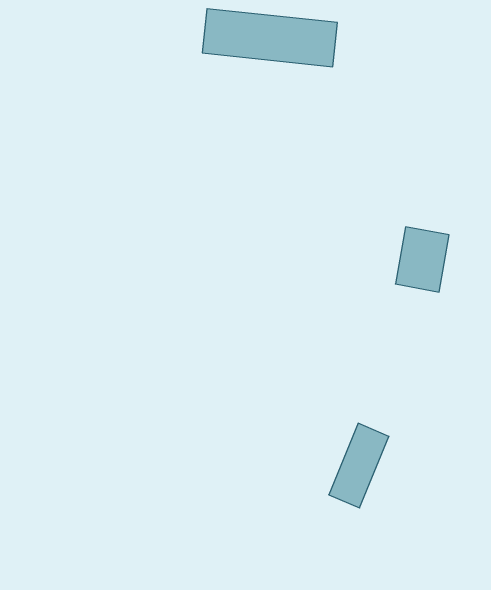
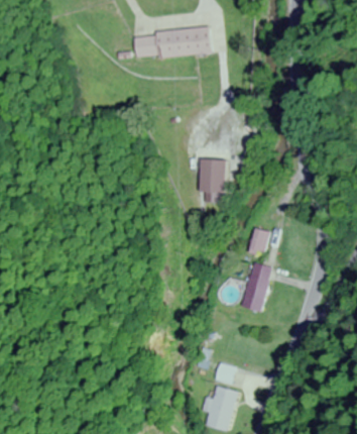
building: [395,227,449,292] -> [199,158,226,194]
building: none -> [244,228,268,257]

